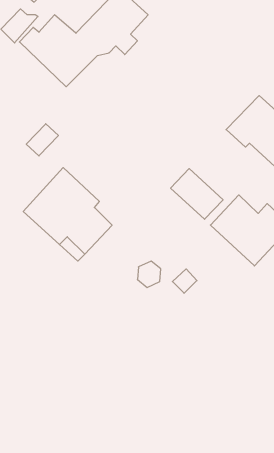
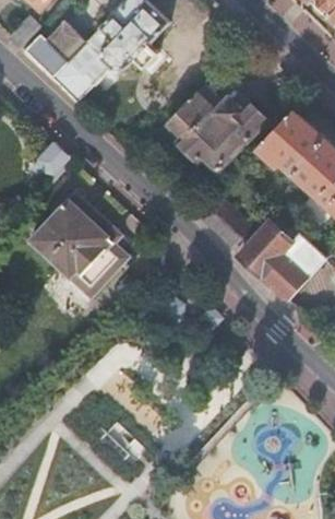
building: none -> [167,85,266,170]

